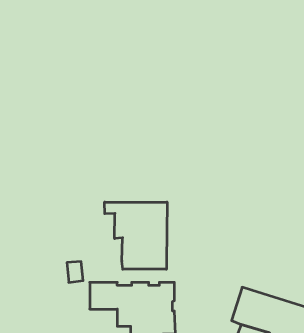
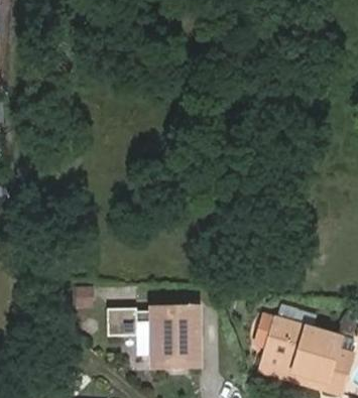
building: [105,202,167,269] -> none

